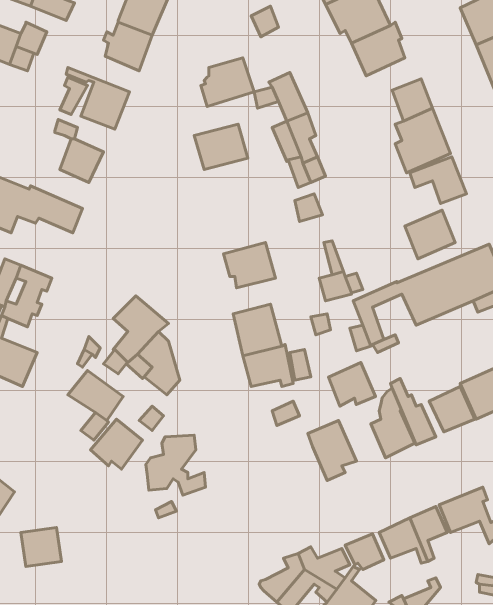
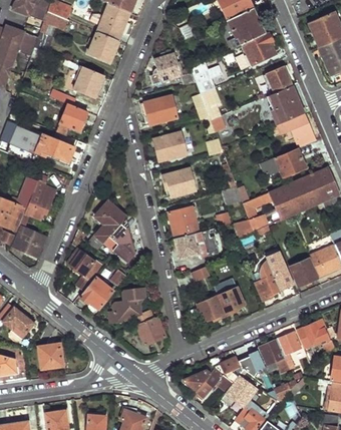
building: none -> [153,131,187,160]
building: [329,362,376,406] -> [198,295,227,322]
building: none -> [137,317,165,345]

